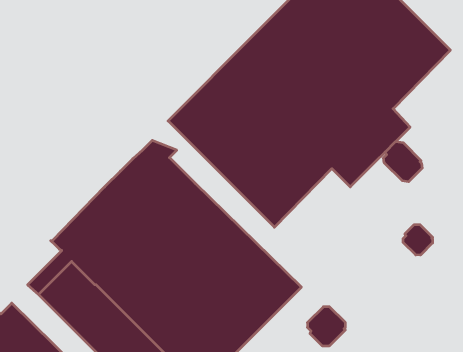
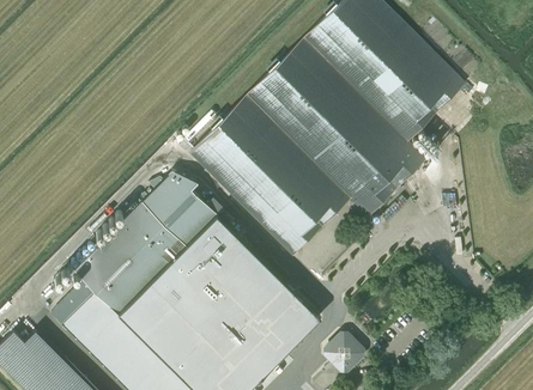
building: [384,142,422,182] -> none
building: [403,225,433,255] -> none

